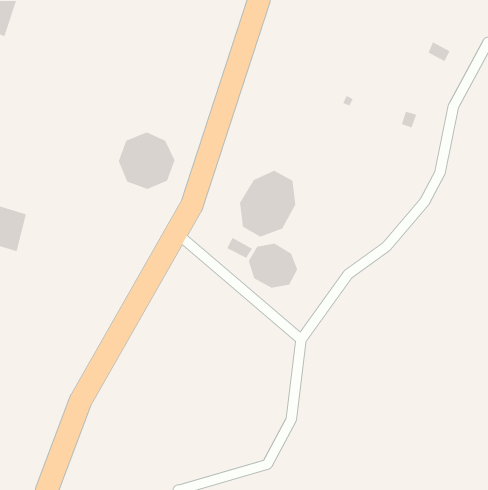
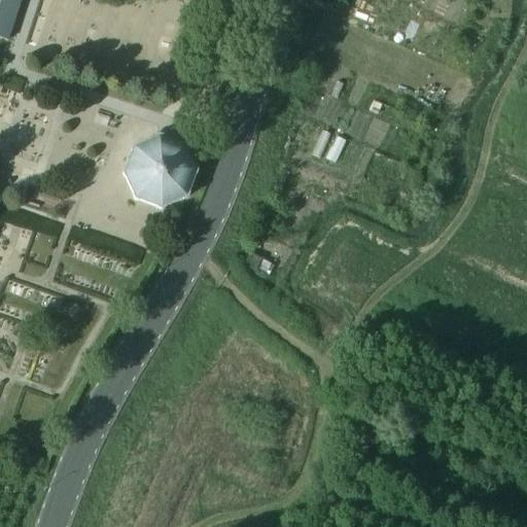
building: [239,170,296,238] -> none
building: [248,243,298,288] -> none

